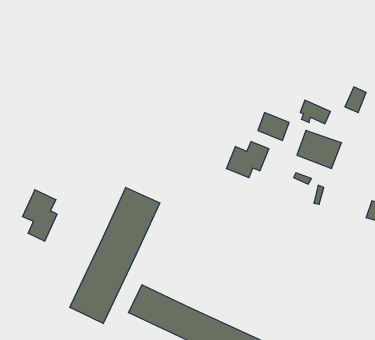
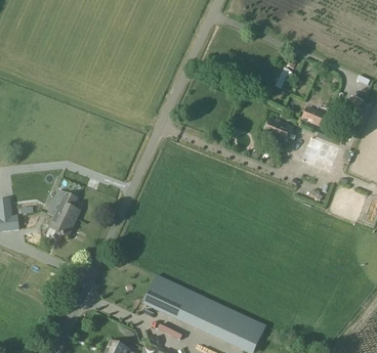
building: [226,141,269,178] -> none
building: [70,187,160,324] -> none

